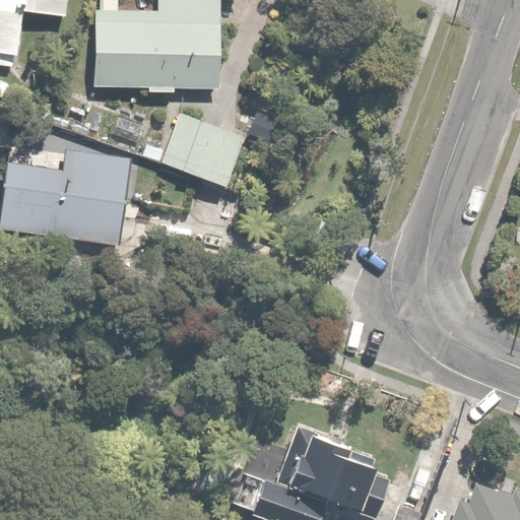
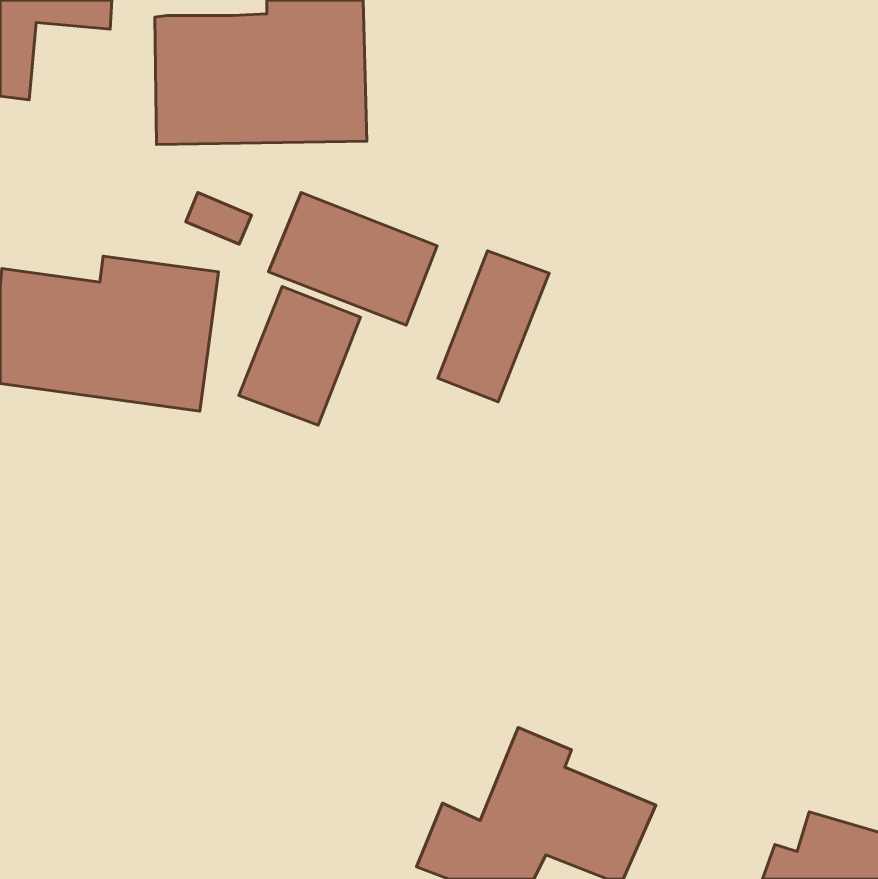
building: none -> [438,251,549,402]
building: none -> [239,287,360,425]

